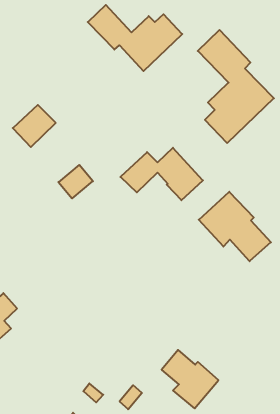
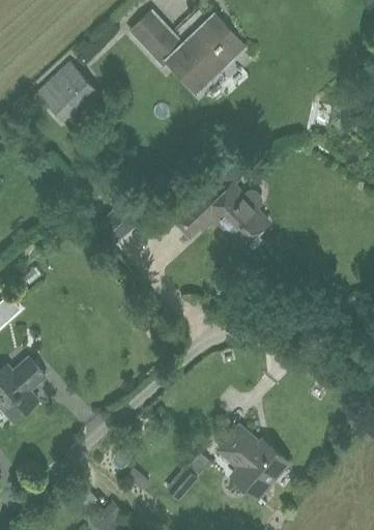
building: [198,30,274,143] -> none
building: [13,105,56,147] -> [47,71,98,122]
building: [199,192,271,261] -> none

